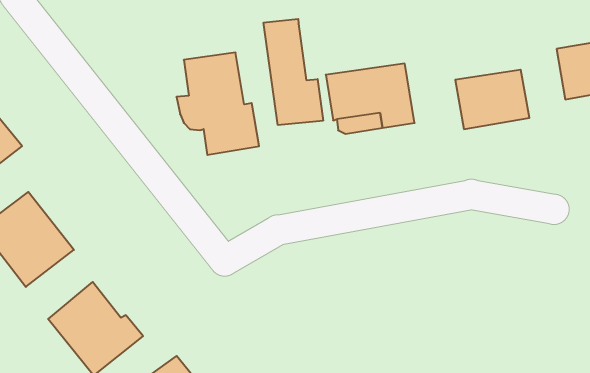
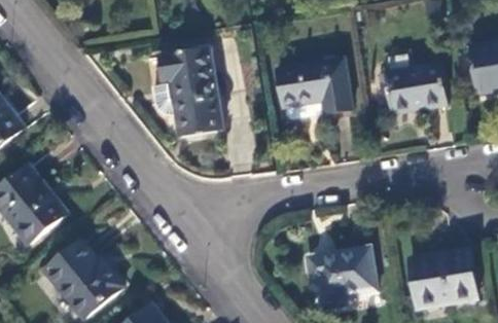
building: [264,19,323,125] -> none
building: none -> [307,245,377,304]
building: none -> [410,249,476,307]

